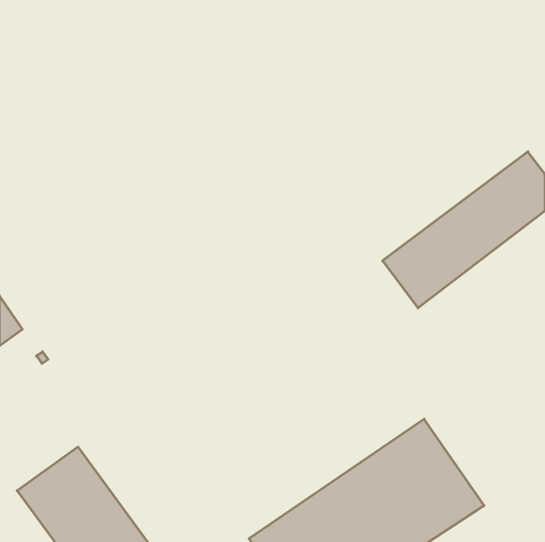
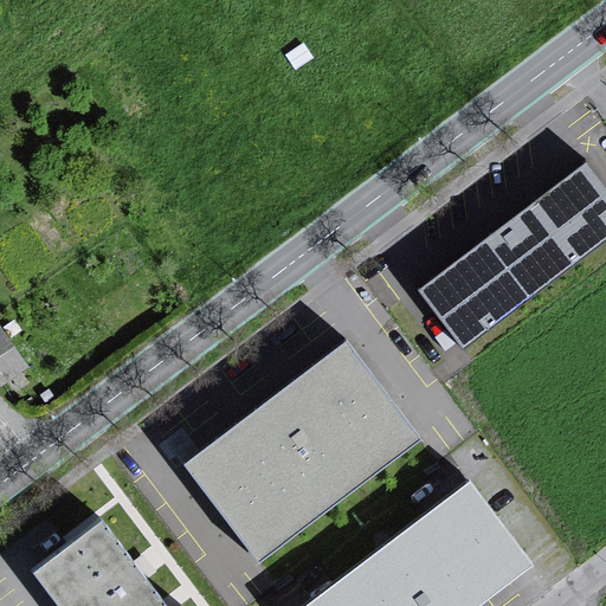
building: none -> [189,350,419,561]

